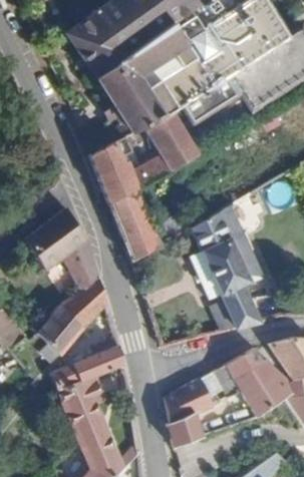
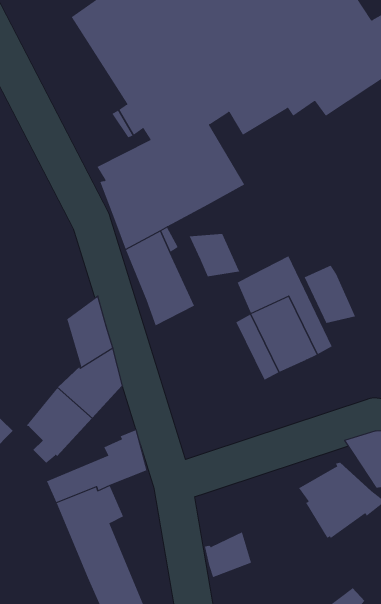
building: none -> [189,233,241,277]
building: [24,207,89,270] -> none
building: [223,286,261,329] -> [304,265,356,323]
building: [214,349,265,397] -> none
building: [168,378,214,423] -> none

